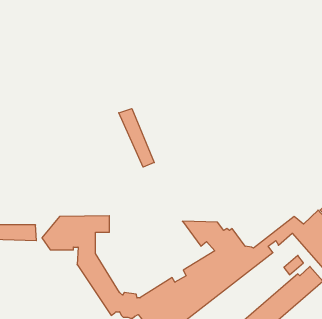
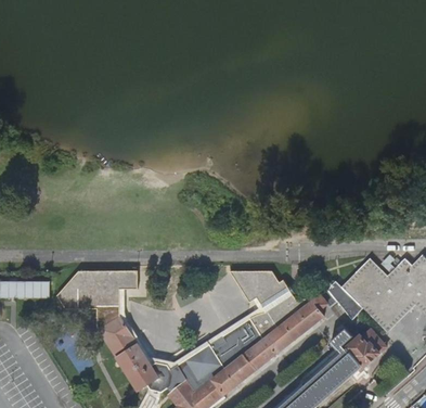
building: [119,109,154,167] -> none

